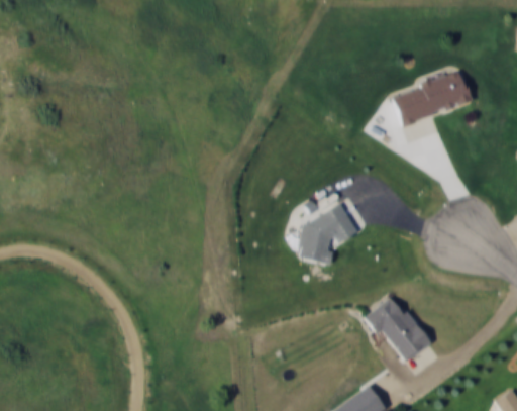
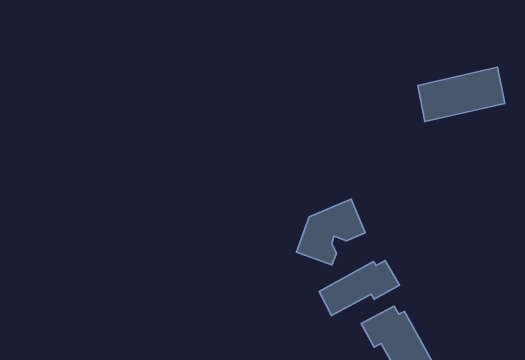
building: none -> [319,261,399,316]

